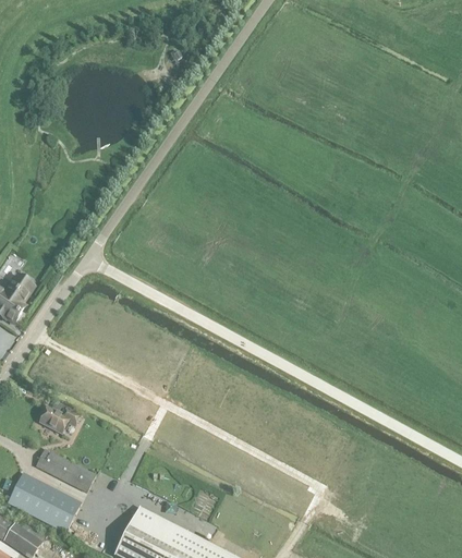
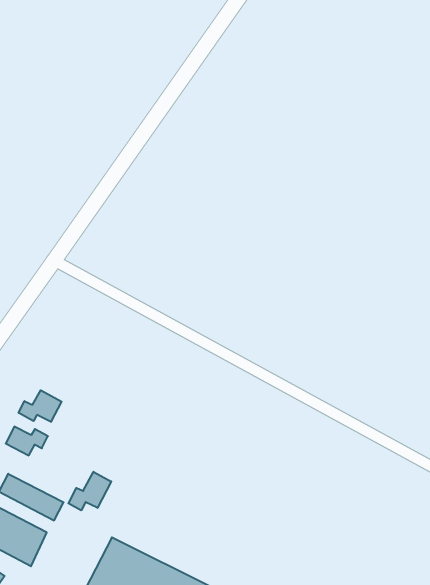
building: none -> [19,390,62,422]
building: none -> [68,472,111,510]

